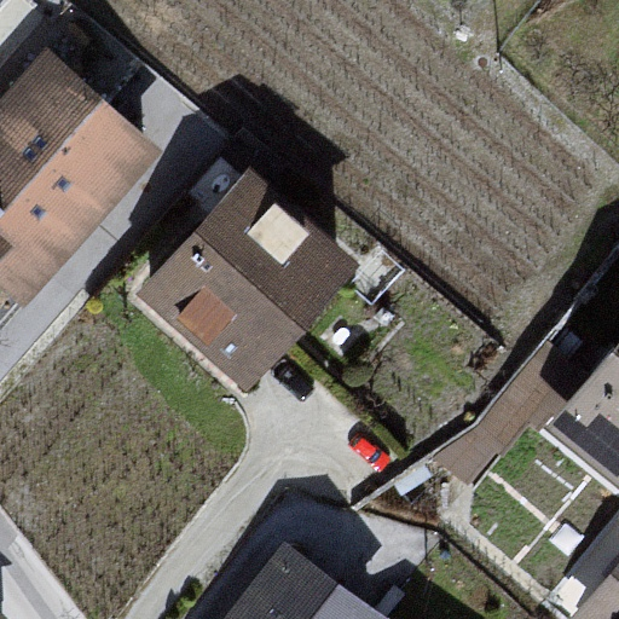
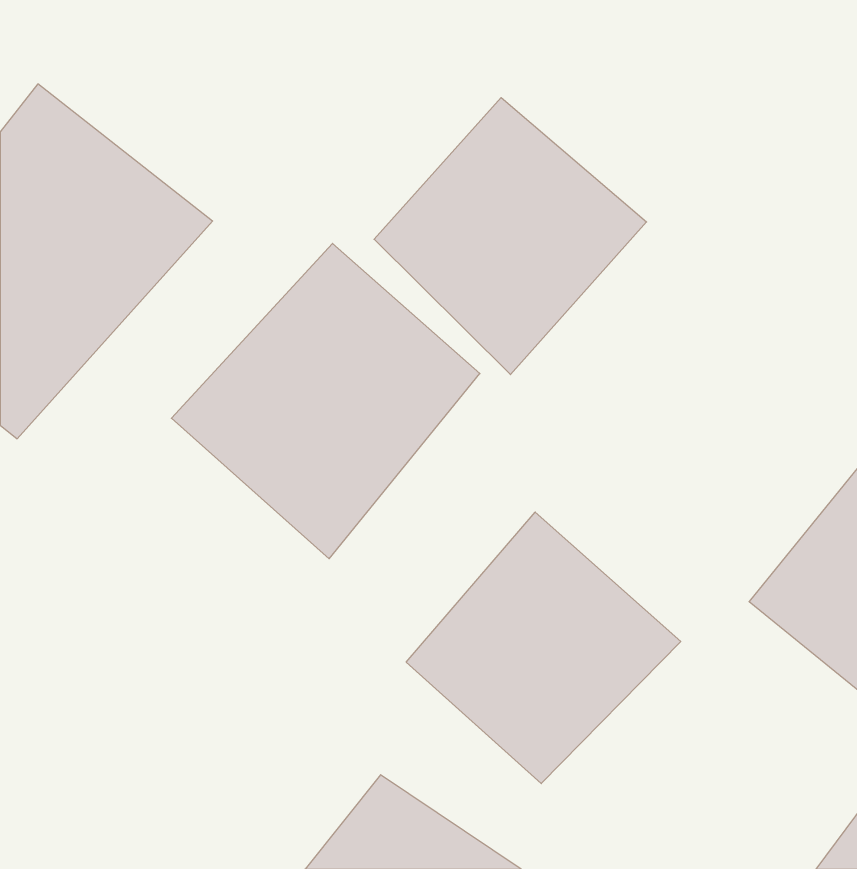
building: none -> [374,98,647,375]
building: none -> [406,512,681,784]

